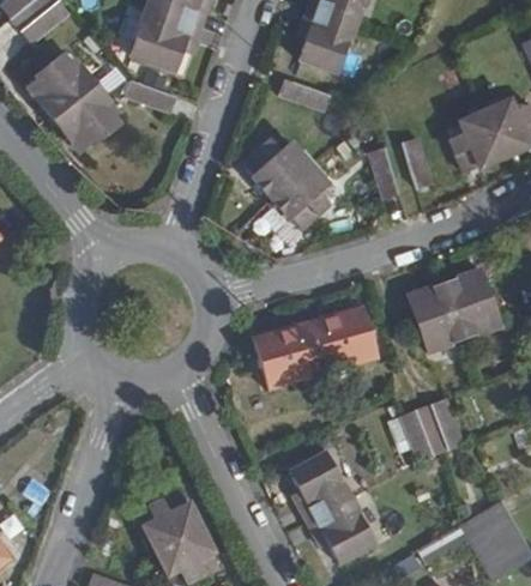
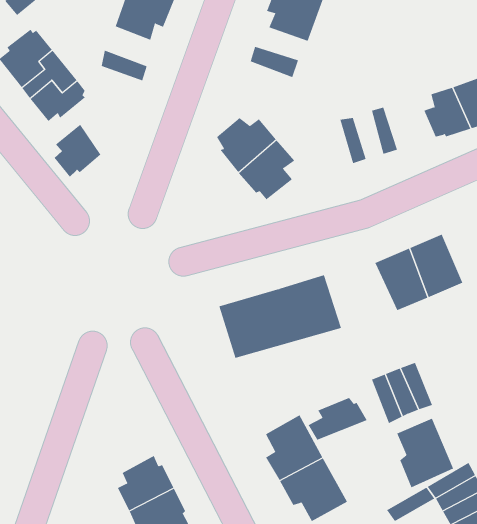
building: none -> [54,124,101,177]
building: none -> [308,397,368,441]
building: none -> [397,418,454,488]

